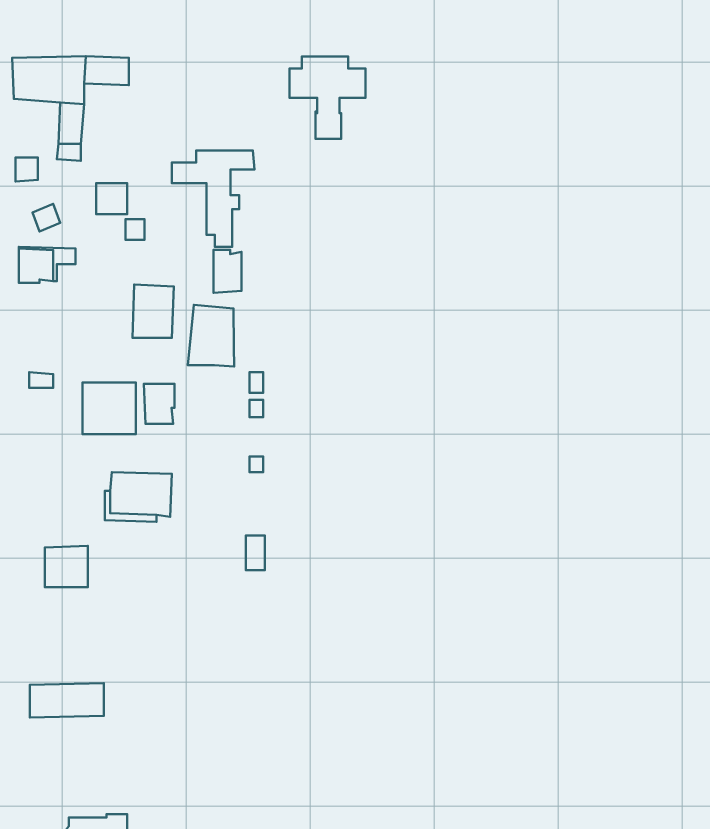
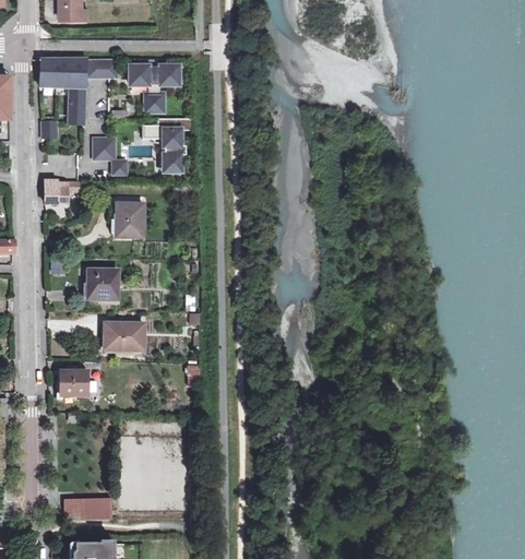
building: [290,56,365,139] -> [130,59,178,111]
building: [213,250,241,293] -> none
building: [188,305,234,367] -> none
building: [144,384,175,424] -> none
building: [30,683,104,718] -> [64,497,111,519]

